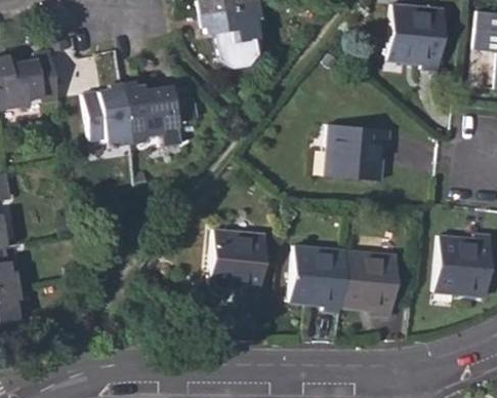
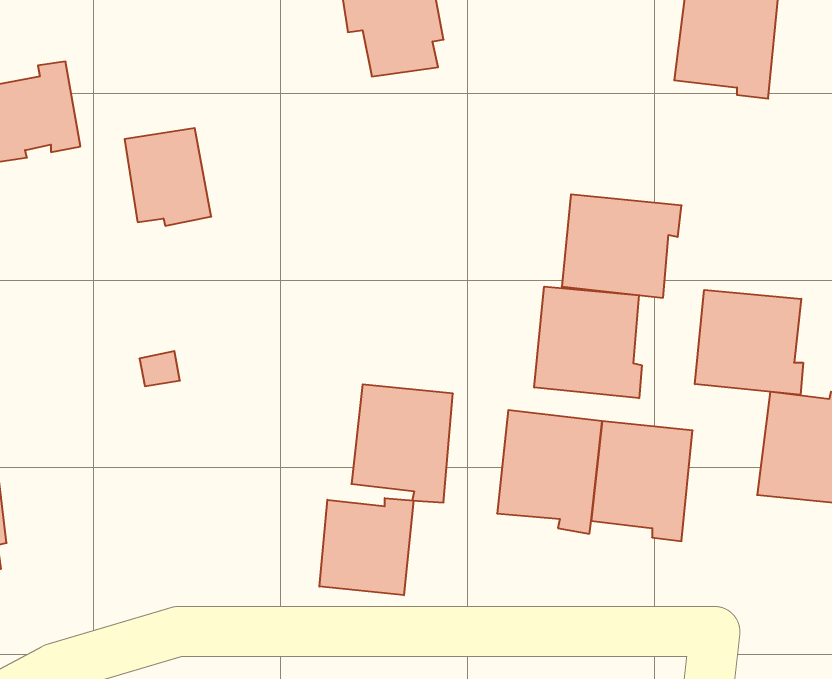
building: [121,84,194,136] -> none
building: none -> [534,287,642,398]
building: none -> [695,290,803,395]
building: none -> [319,498,414,595]

